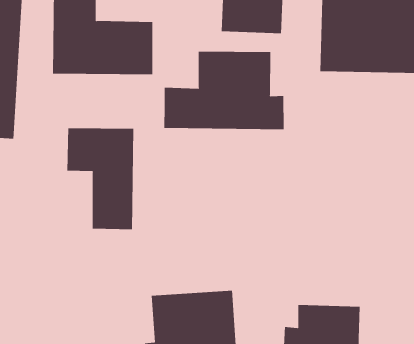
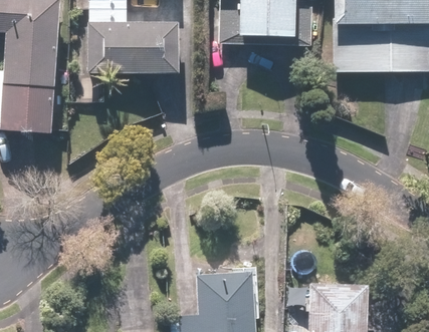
building: [164,51,284,130] -> none
building: [67,128,134,230] -> none

